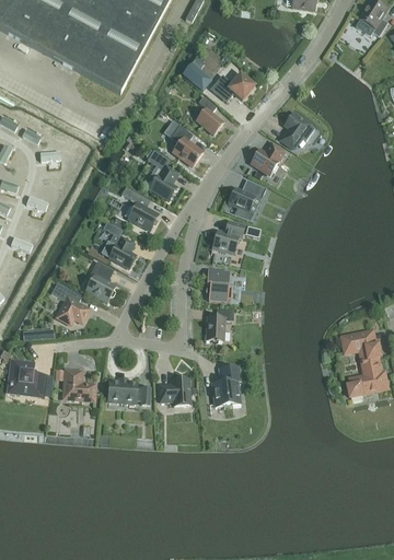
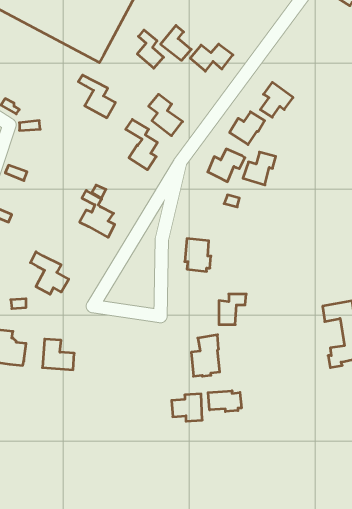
building: [196,95,222,133] -> [137,30,164,68]
building: [120,187,158,230] -> [78,75,115,118]
building: [211,221,244,254] -> [243,152,276,185]
building: [85,260,115,302] -> none
building: [206,310,233,340] -> [219,294,246,325]
building: [159,378,189,406] -> [172,394,202,421]
building: [107,381,150,405] -> none
building: none -> [208,391,241,412]

